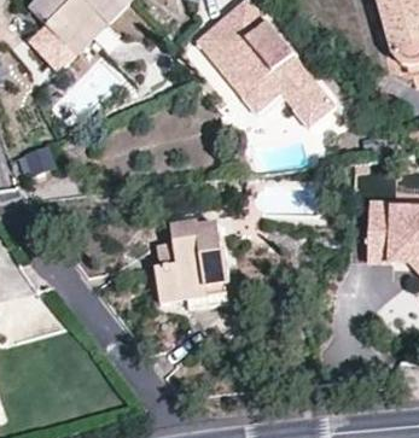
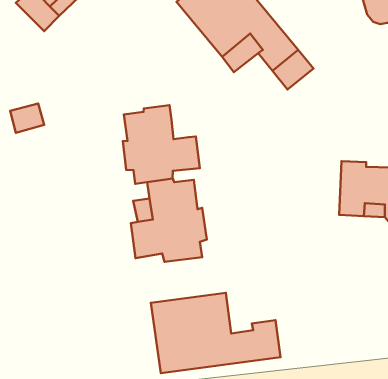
building: none -> [123,105,200,184]
building: none -> [151,293,281,373]

